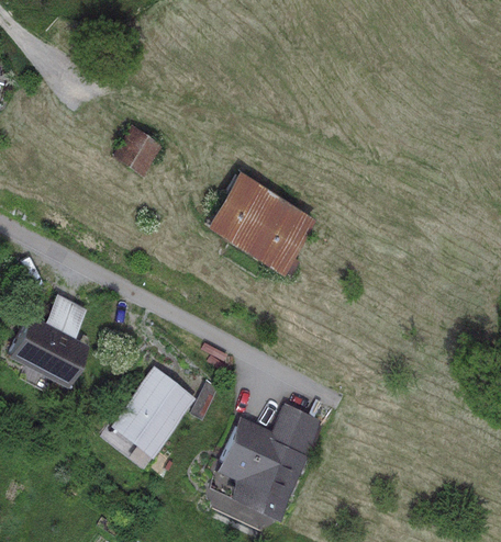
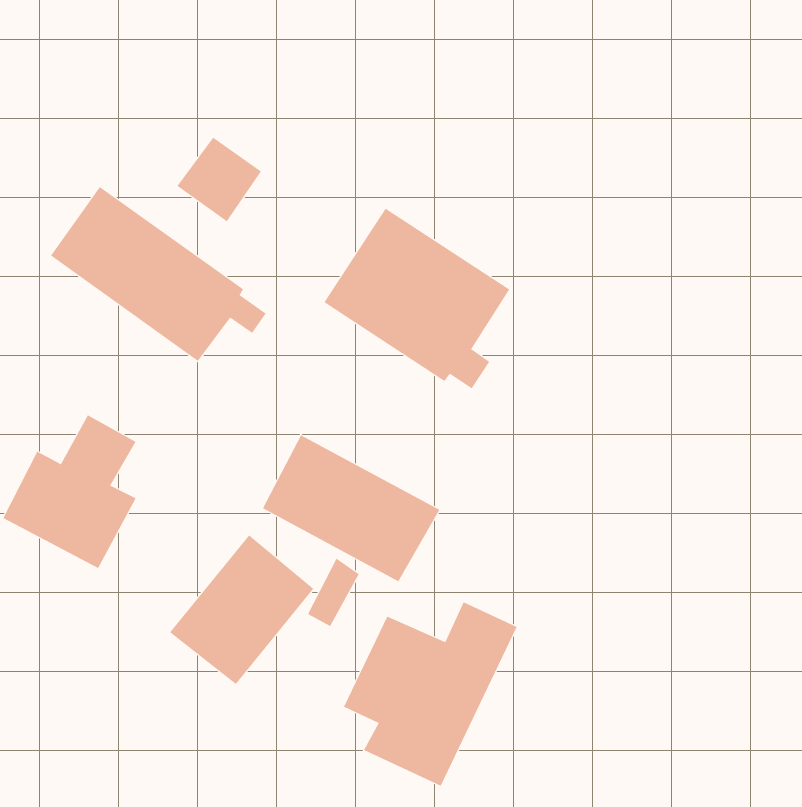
building: none -> [50,186,266,362]
building: none -> [262,434,440,582]

